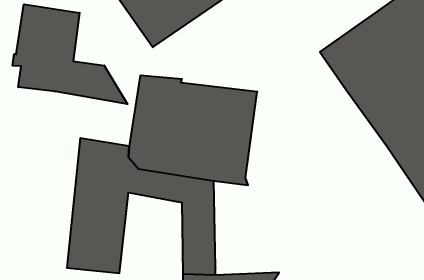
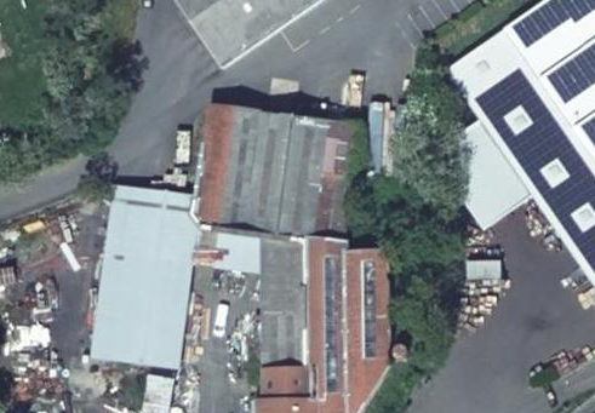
building: [13,4,128,104] -> none
building: none -> [459,121,533,230]
building: none -> [303,242,390,368]

